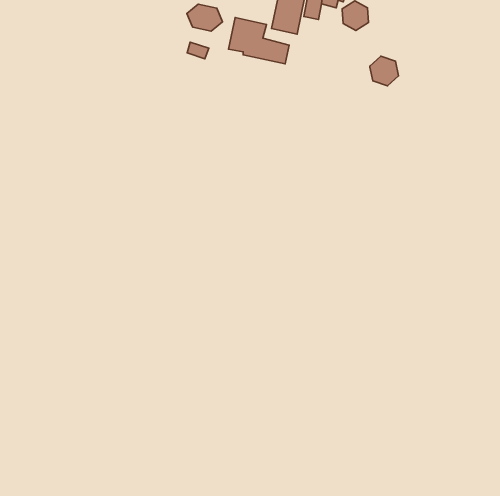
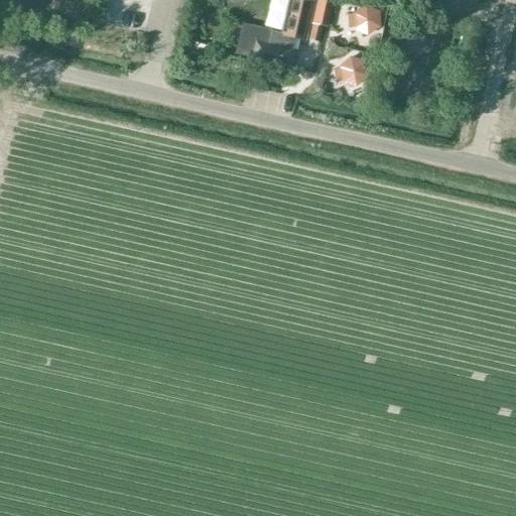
building: [187,4,223,31] -> none
building: [370,56,398,86] -> [338,52,367,83]

